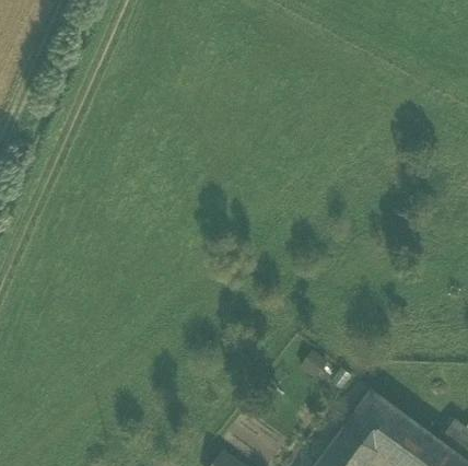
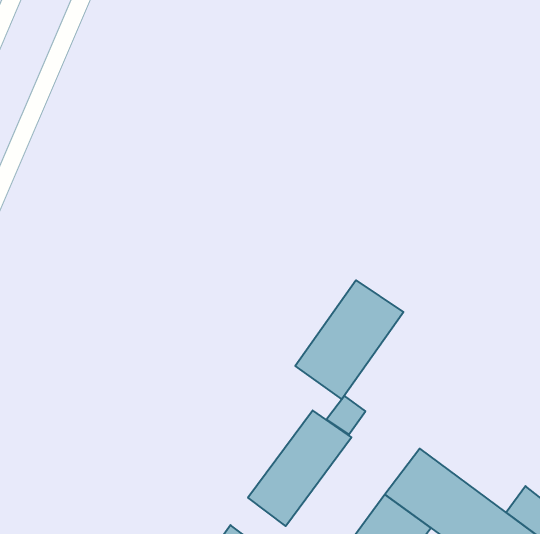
building: none -> [295,280,403,399]
building: none -> [248,410,351,526]

